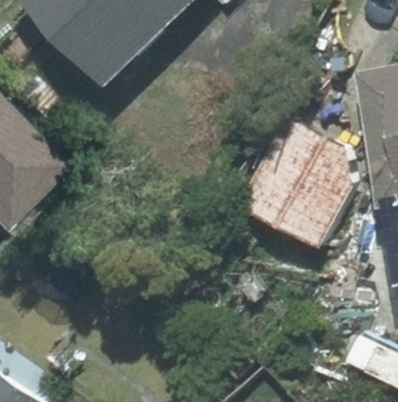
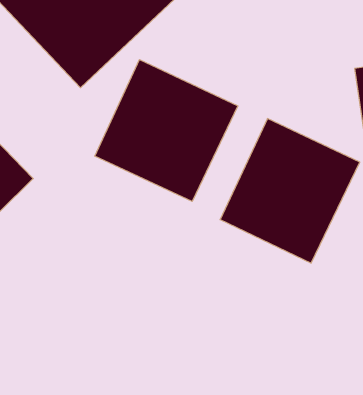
building: none -> [95,60,238,201]

